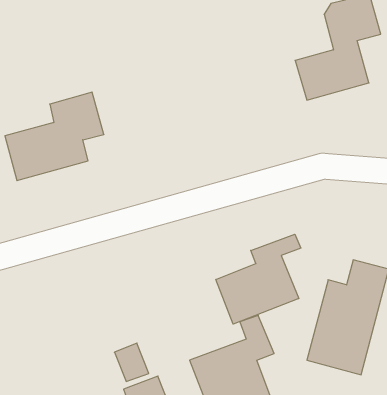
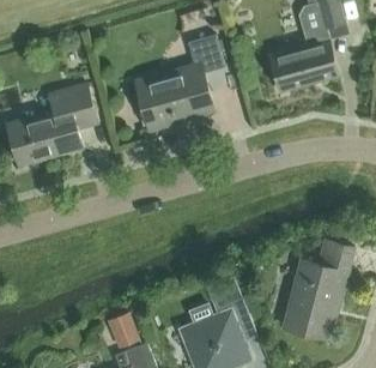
building: none -> [135,35,225,131]
building: [216,234,301,324] -> none

